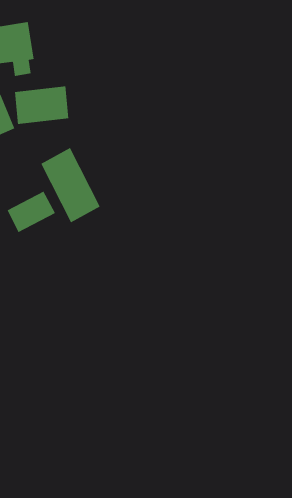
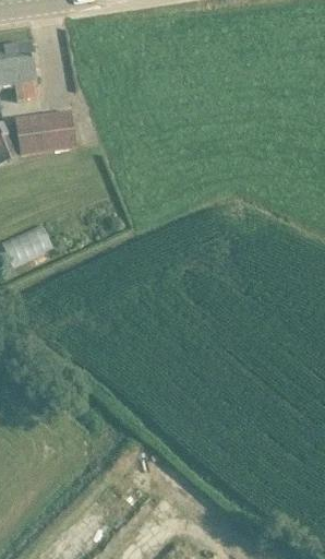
building: [40,147,101,223] -> none

